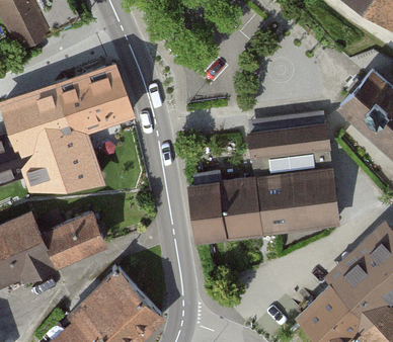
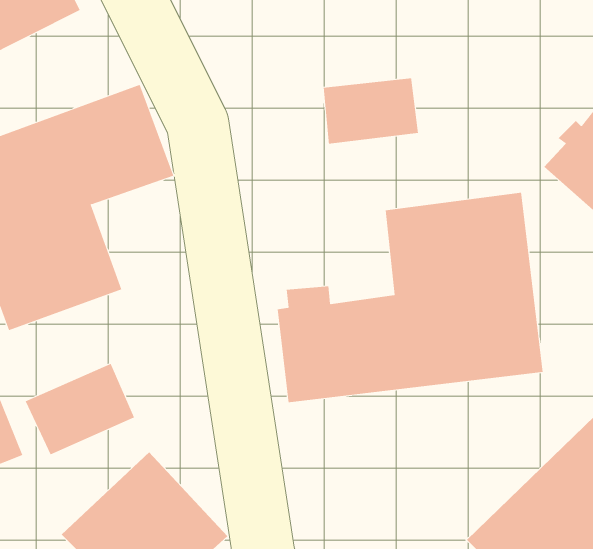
building: none -> [323,77,418,144]

